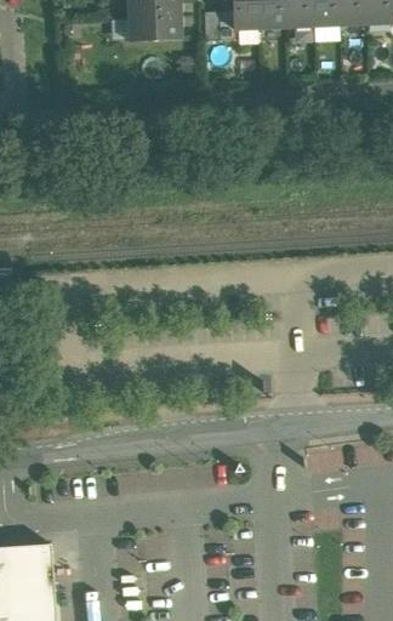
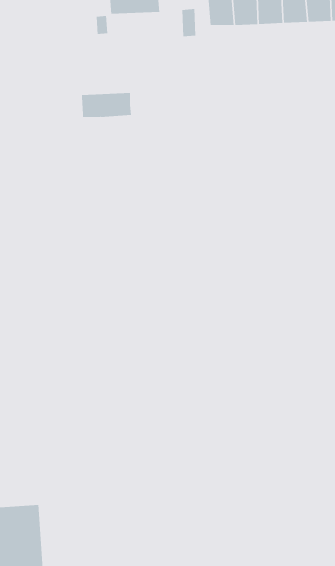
building: [127,16,182,42] -> [81,93,132,117]

